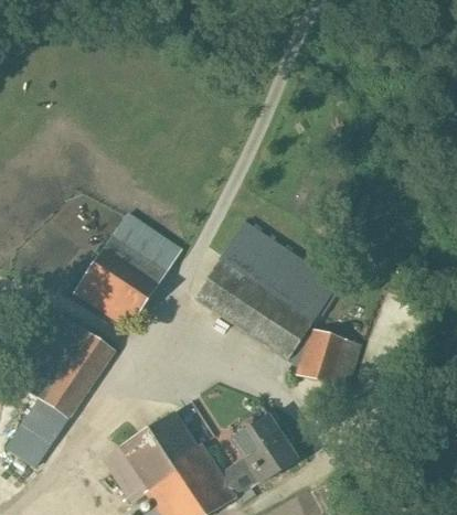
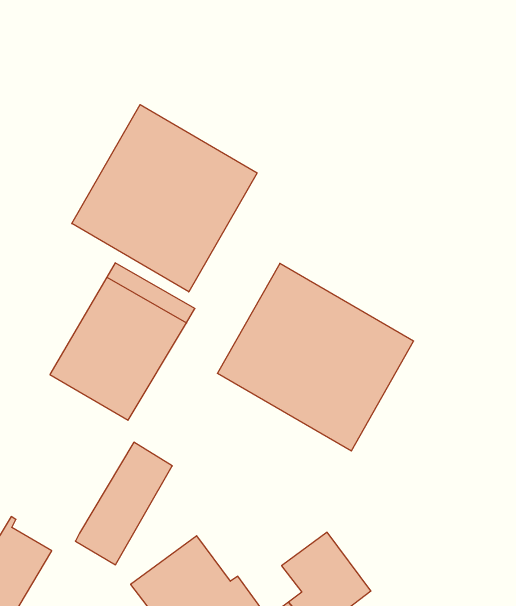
building: none -> [72,105,257,292]
building: [299,328,361,388] -> none
building: [41,330,114,417] -> [75,442,172,565]

